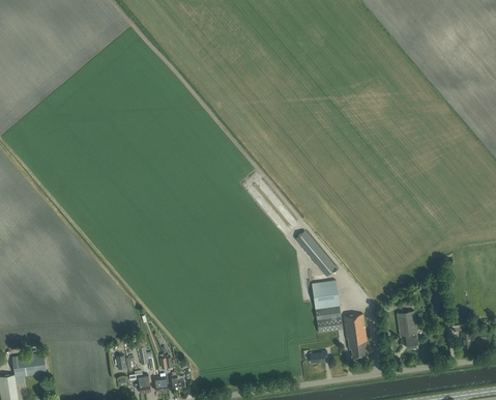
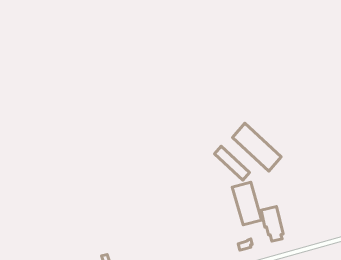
building: none -> [232,123,281,171]
building: [397,311,418,349] -> none

